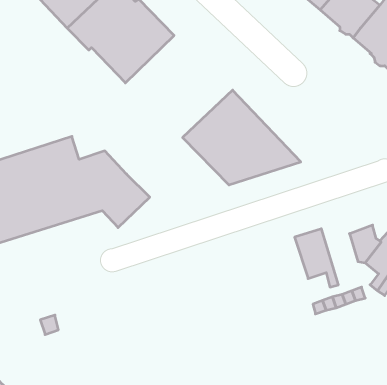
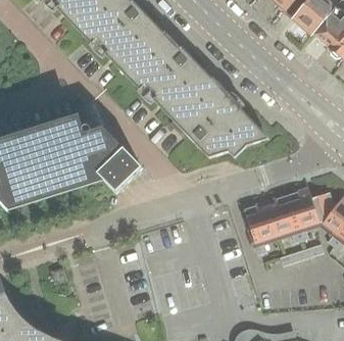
building: none -> [122,31,212,116]
building: none -> [287,186,317,240]
building: none -> [245,200,276,253]

